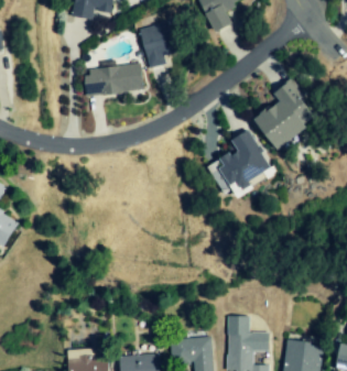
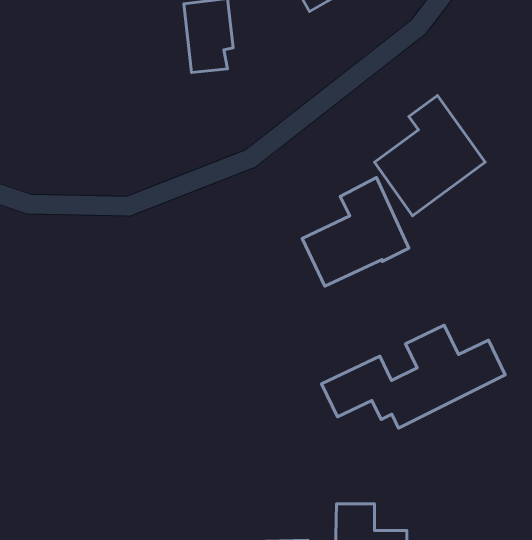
building: [82,62,145,98] -> none
building: none -> [322,325,505,428]

